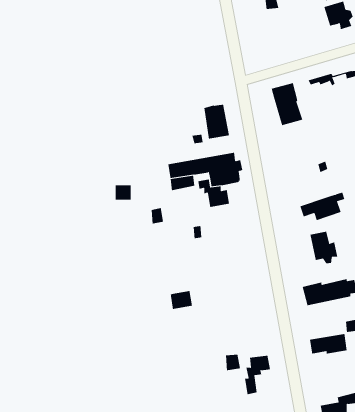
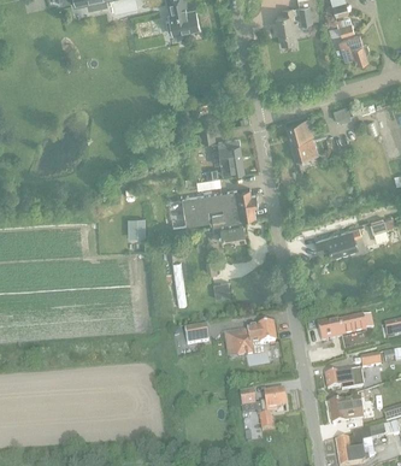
building: [310,231,338,264] -> none
building: none -> [234,322,275,353]
building: none -> [328,395,361,421]

